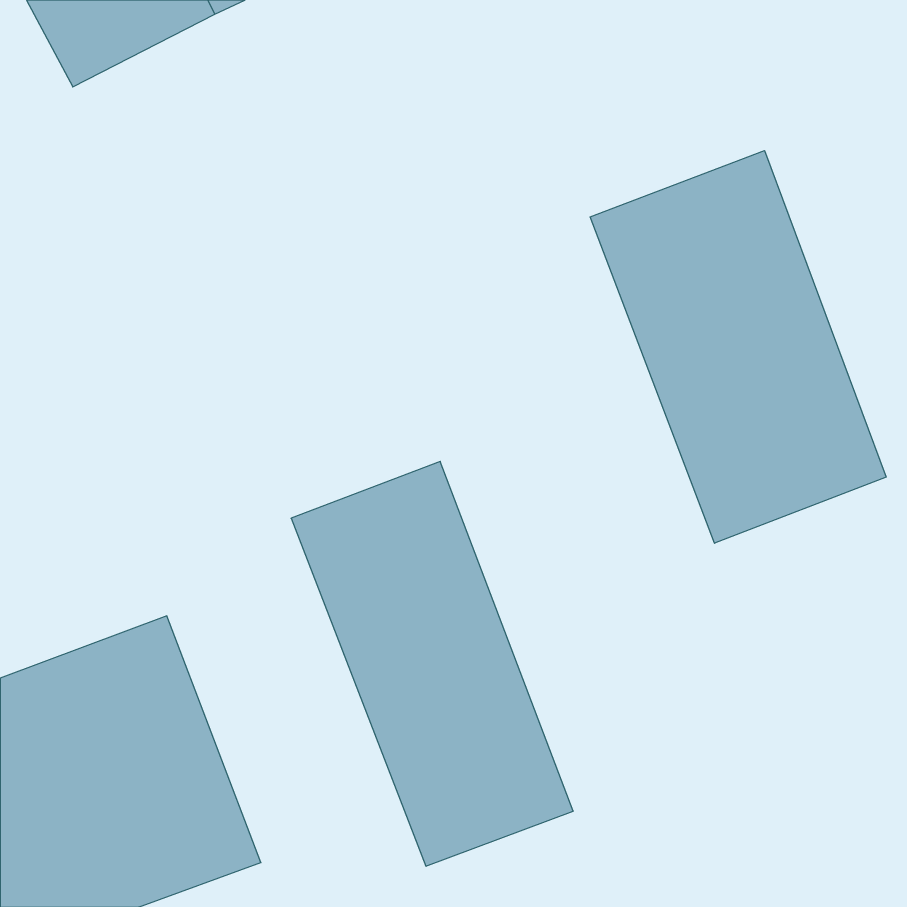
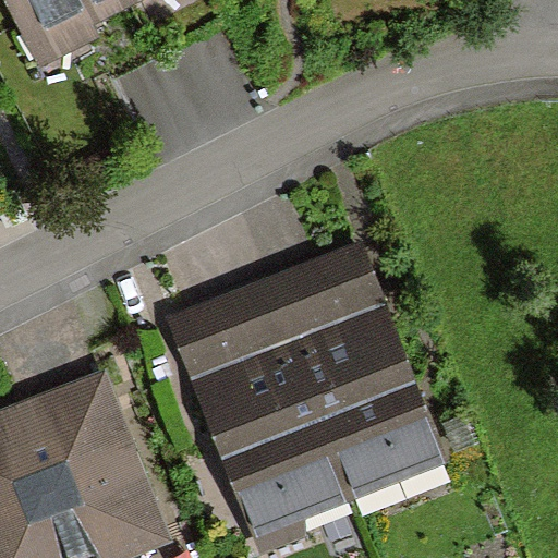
building: [590,151,886,543] -> none
building: none -> [270,252,437,498]

